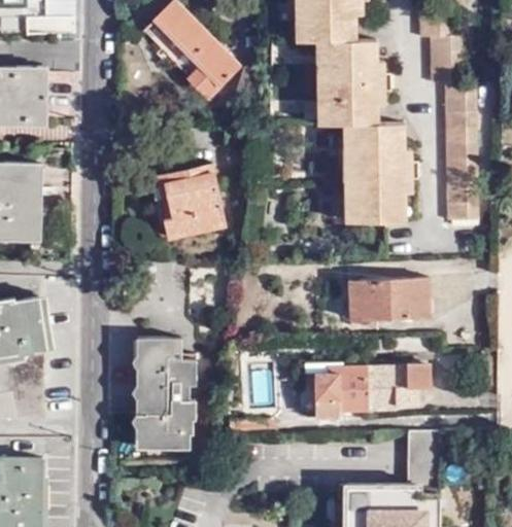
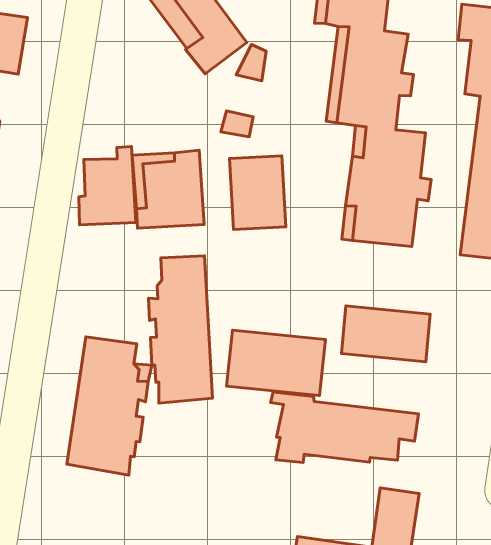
building: none -> [229,156,286,229]
building: none -> [79,146,136,225]
building: none -> [148,256,213,403]
building: none -> [227,330,326,395]

